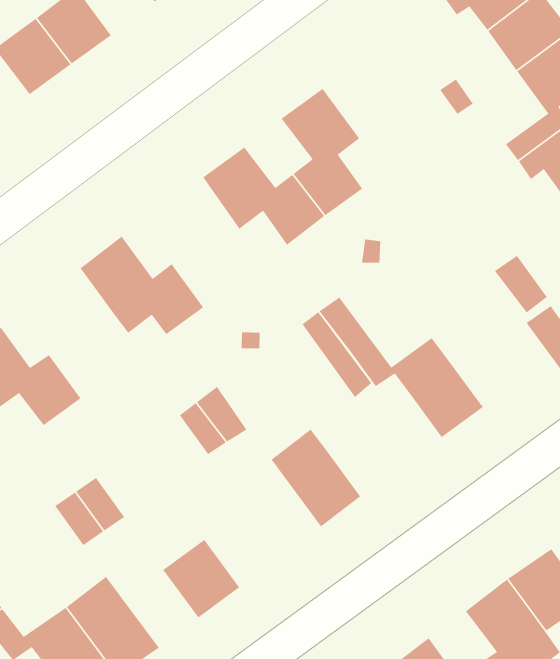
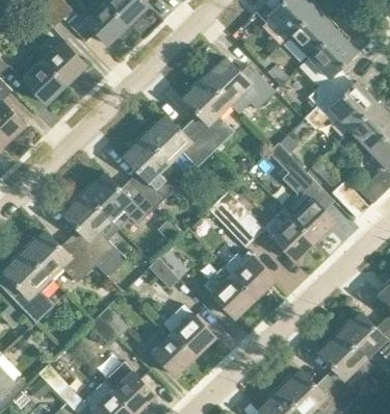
building: none -> [204,58,275,109]
building: none -> [124,136,175,207]
building: none -> [268,144,334,241]
building: none -> [63,195,125,277]
building: none -> [223,253,275,299]
building: none -> [161,303,214,357]

